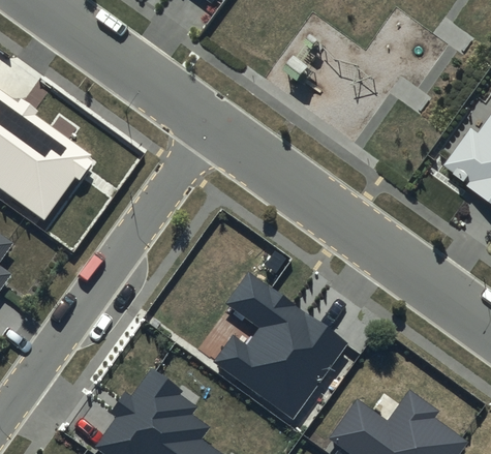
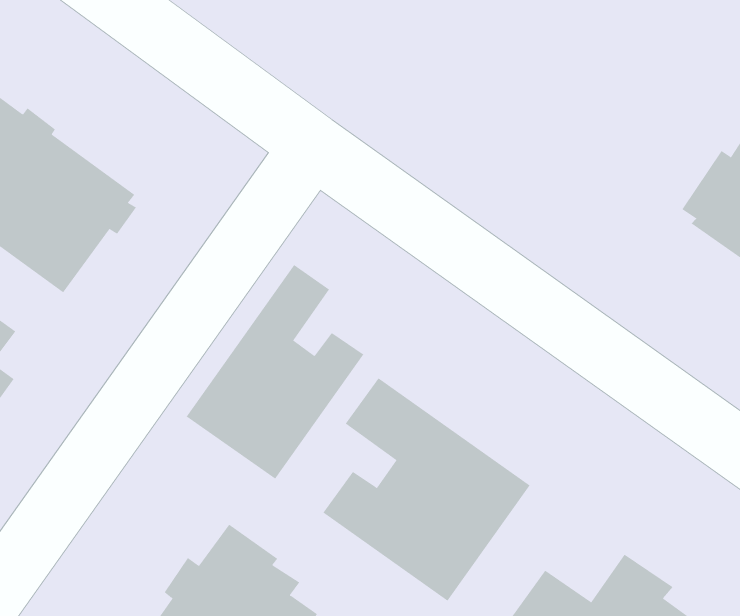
building: none -> [186,264,364,480]

